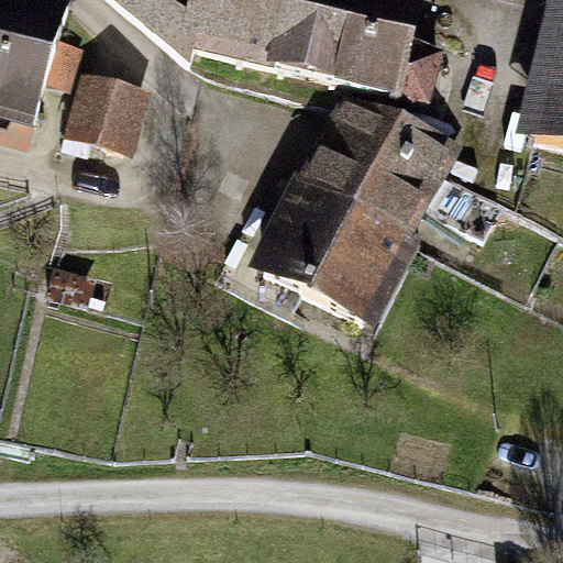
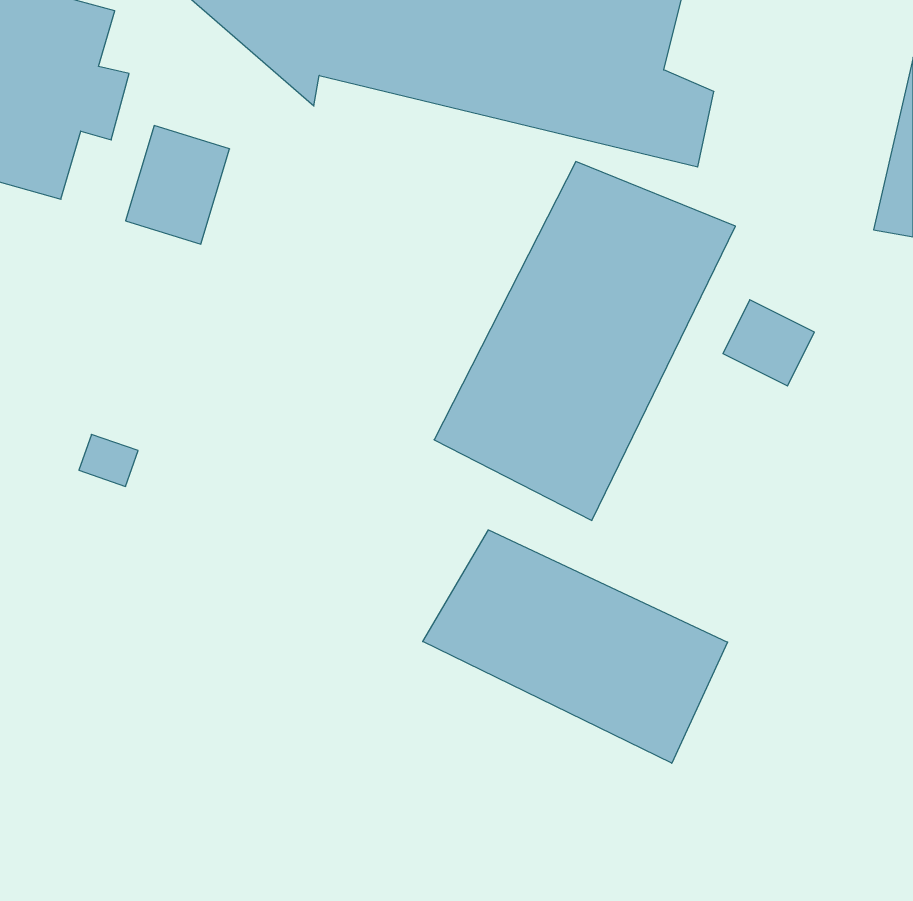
building: none -> [423,530,728,763]

